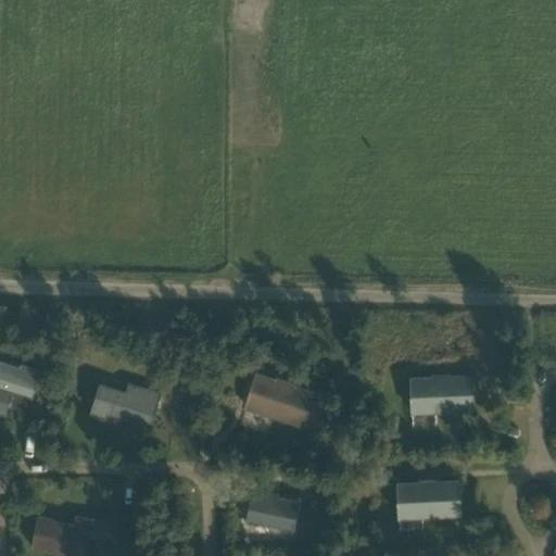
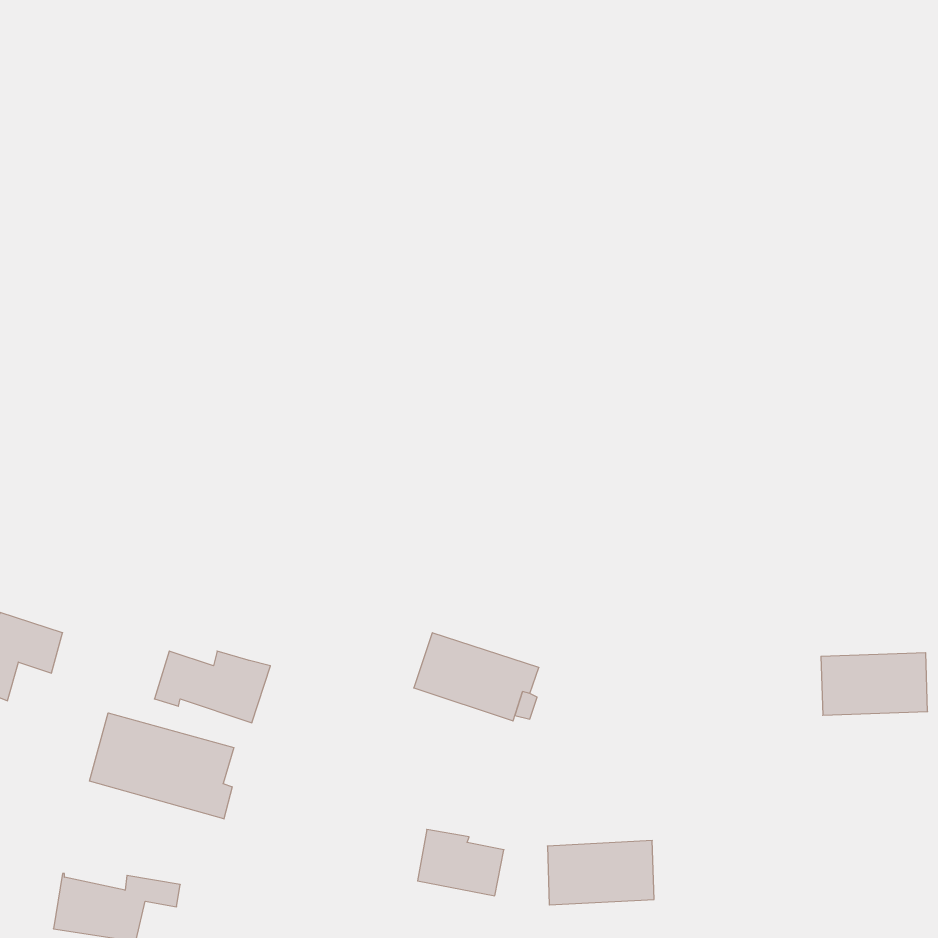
building: [409,377,472,414] -> [821,653,928,715]
building: none -> [89,713,234,819]
building: [396,481,459,519] -> [547,841,654,905]

